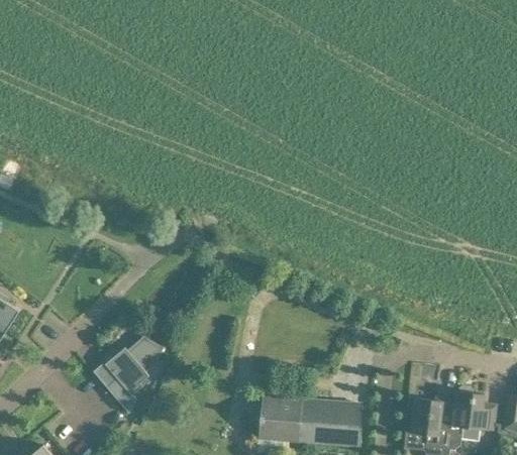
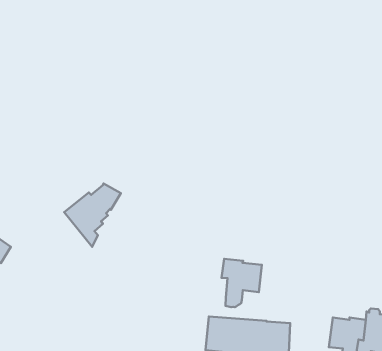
building: none -> [222,259,262,307]
building: [94,337,164,415] -> [64,183,121,247]

